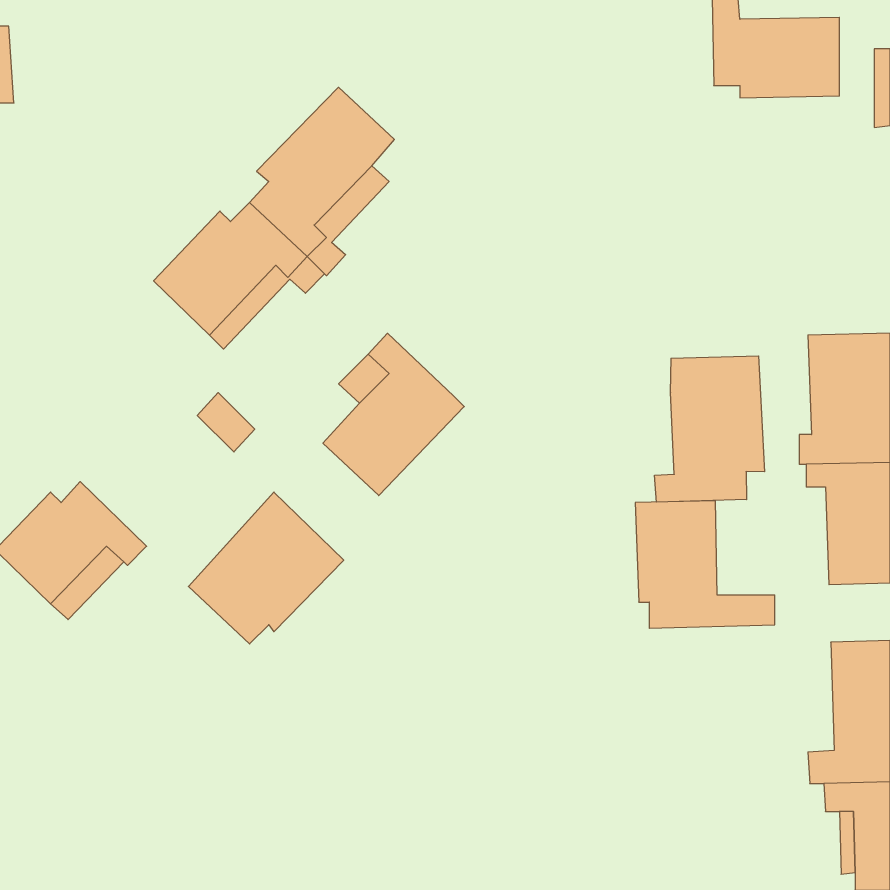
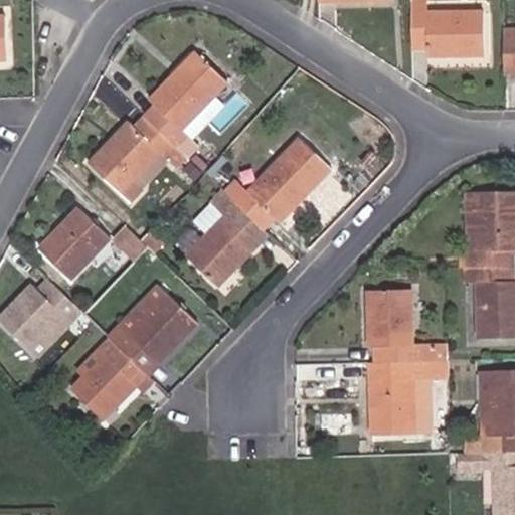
building: none -> [223,137,330,228]
building: [655,356,765,502] -> none
building: none -> [38,206,112,280]
building: none -> [71,338,154,420]
building: none -> [369,360,447,435]

